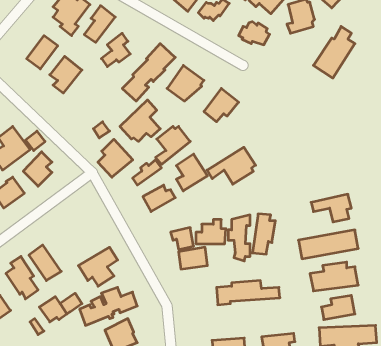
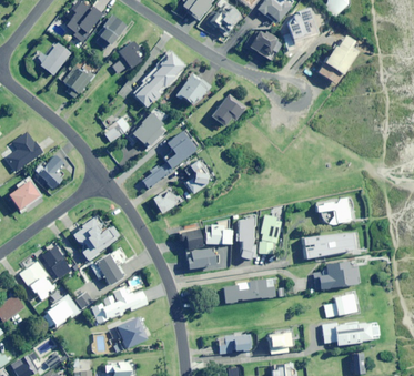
building: [98,139,133,177] -> none
building: [207,147,256,184] -> none
building: none -> [73,215,120,260]

